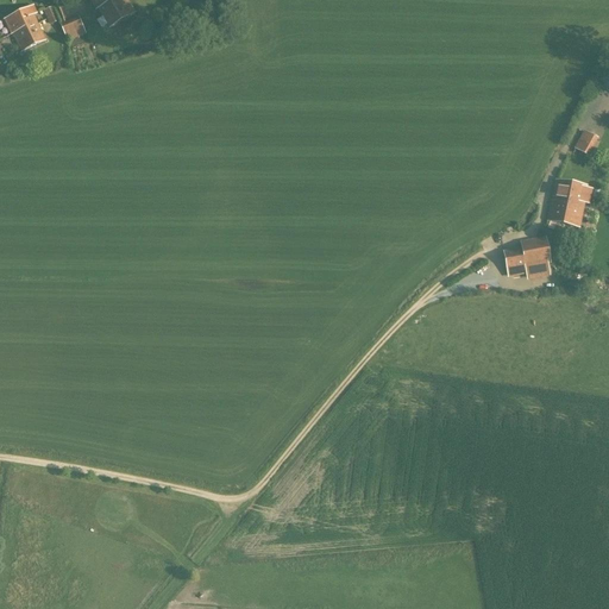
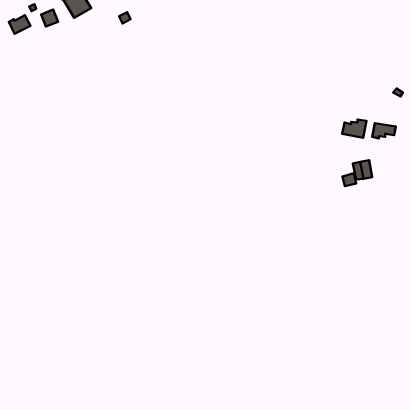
building: [6,5,38,33] -> none
building: [547,197,583,225] -> [342,119,366,138]

